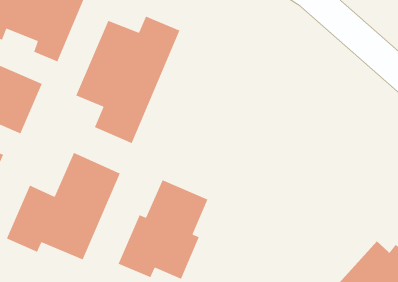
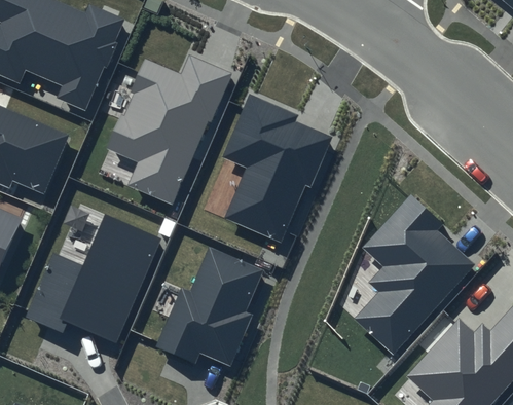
building: none -> [222,95,332,243]
building: none -> [355,194,476,355]

